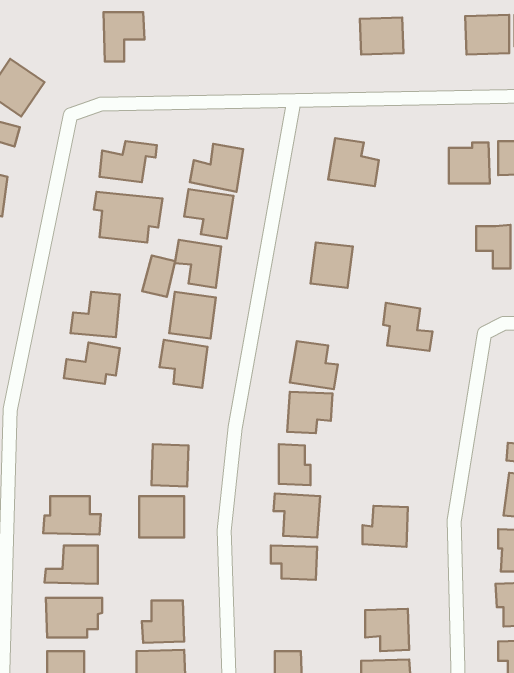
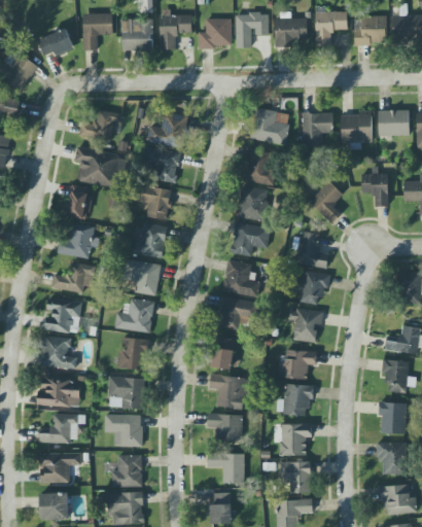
building: none -> [160,9,191,49]
building: none -> [315,11,347,44]
building: none -> [236,13,269,48]
building: none -> [121,19,153,49]
building: none -> [199,19,232,47]
building: none -> [37,28,75,57]
building: none -> [303,112,332,146]
building: none -> [245,149,276,184]
building: none -> [309,180,344,223]
building: [142,256,175,297] -> [65,188,90,219]
building: none -> [232,222,270,256]
building: none -> [301,271,328,305]
building: none -> [45,298,81,333]
building: none -> [115,300,153,332]
building: none -> [288,308,323,342]
building: none -> [42,337,77,367]
building: none -> [278,350,317,379]
building: none -> [105,415,142,447]
building: none -> [280,423,312,455]
building: none -> [207,453,245,484]

